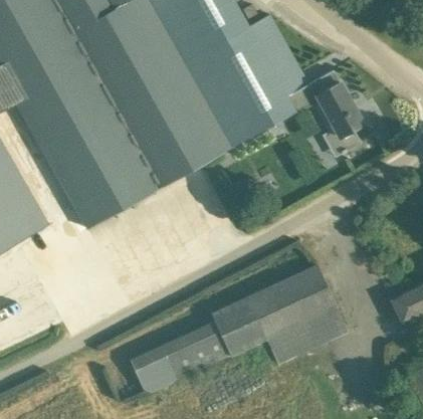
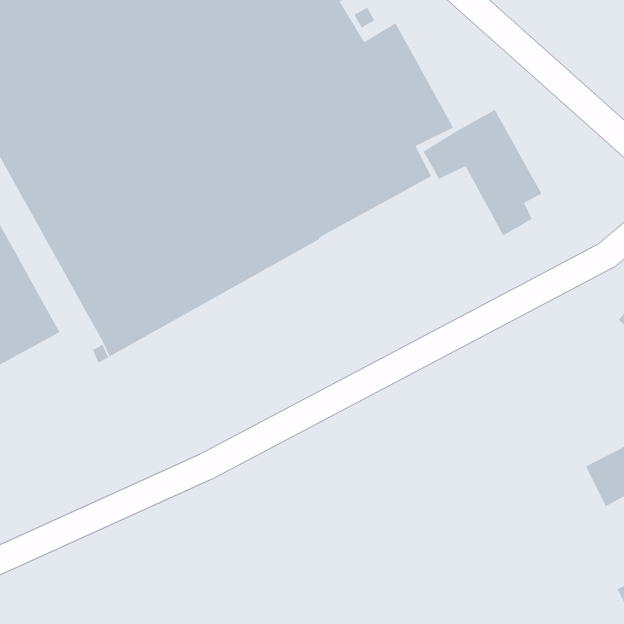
building: [129,265,348,395] -> none

